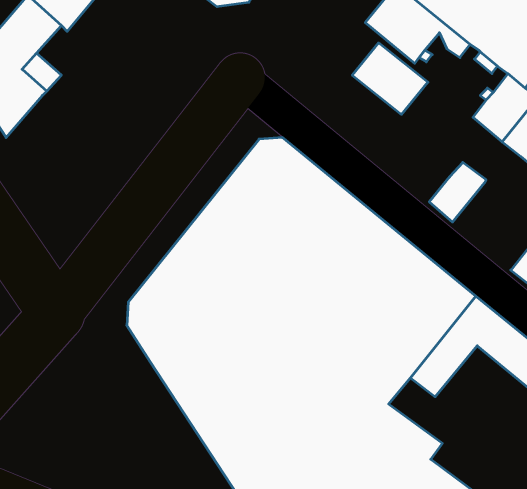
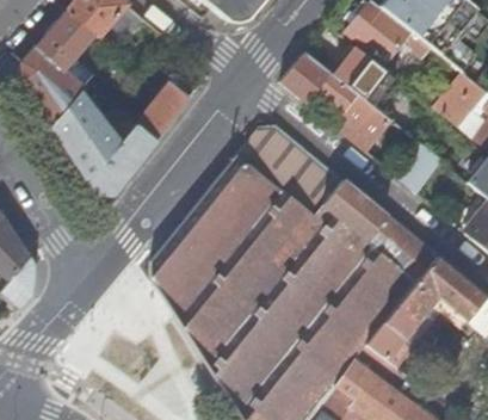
building: none -> [280,51,394,153]
building: none -> [51,72,199,193]

